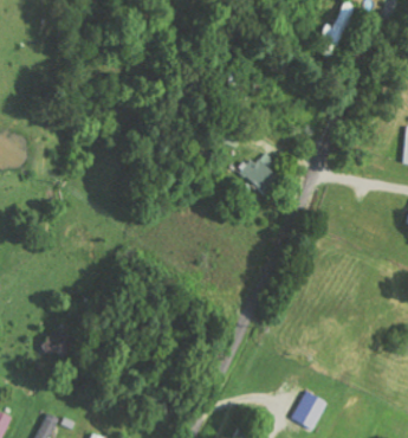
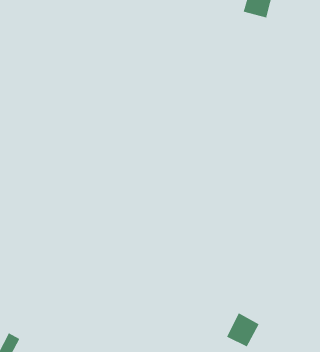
building: [237,152,278,193] -> none

